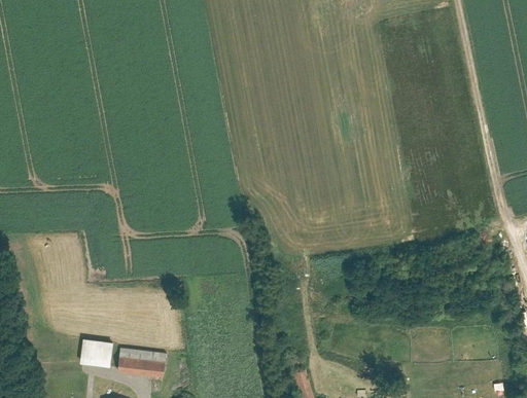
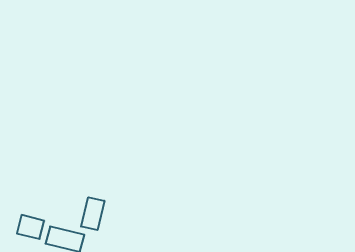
building: none -> [81,197,104,230]

